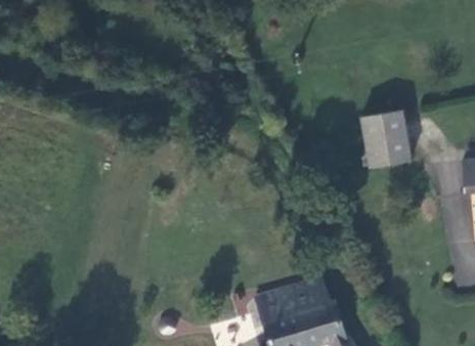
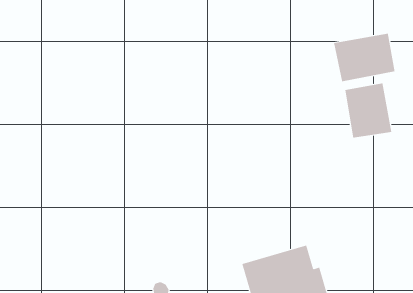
building: none -> [333,33,395,82]

